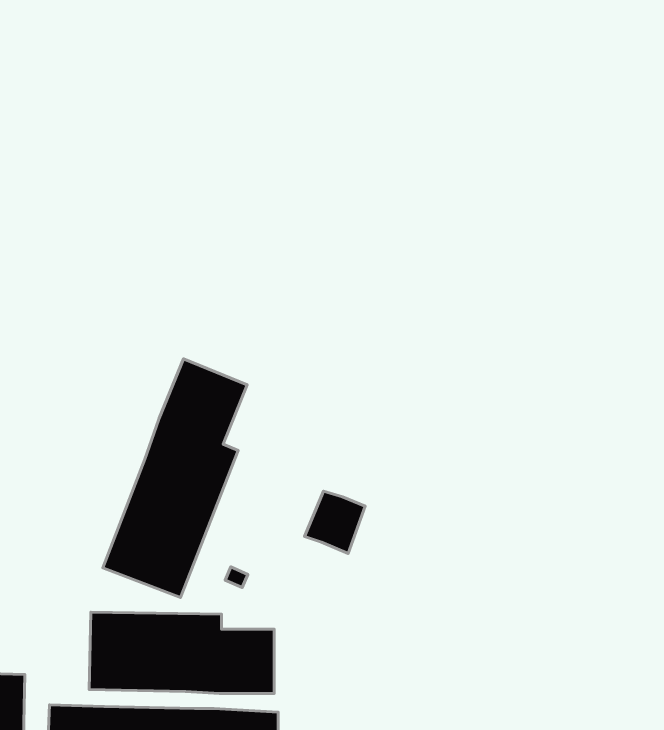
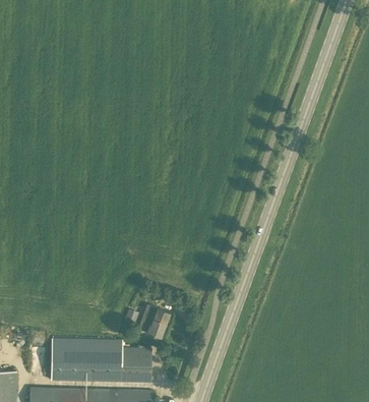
building: [103,359,247,597] -> none
building: [305,491,365,554] -> [137,303,170,337]

